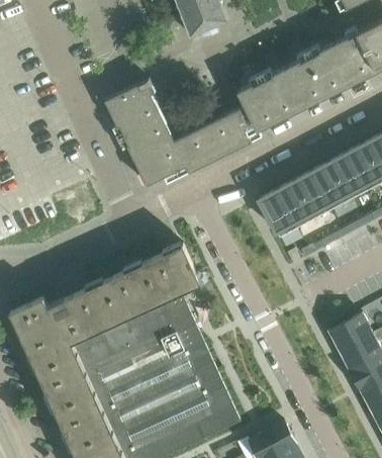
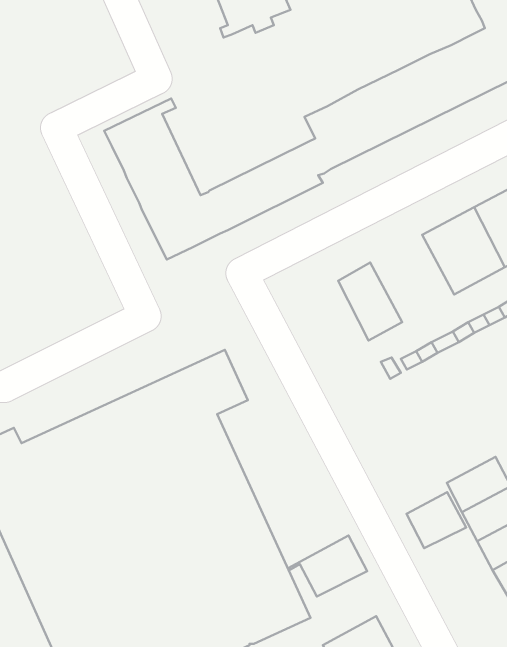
building: [280,169,336,226] -> none
building: none -> [406,492,466,548]
building: none -> [288,536,367,596]

